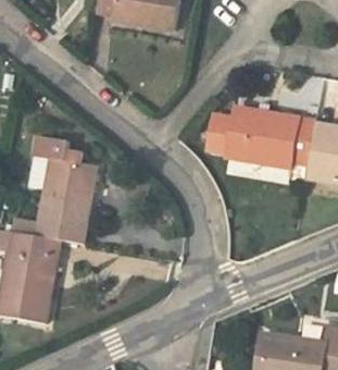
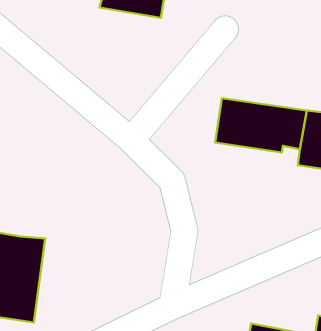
building: [23,140,91,249] -> none

